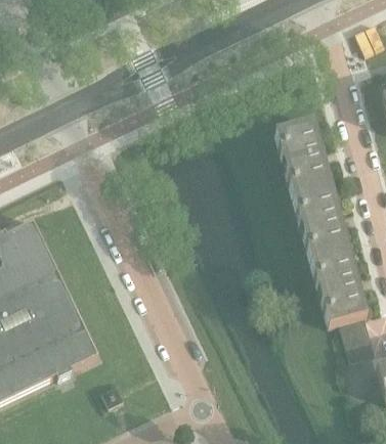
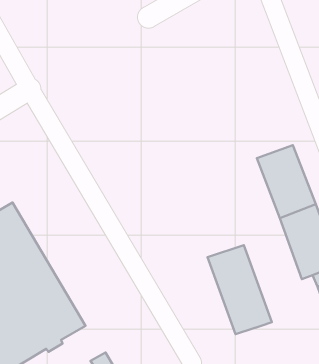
building: [273,117,330,192] -> none
building: none -> [207,245,272,334]

